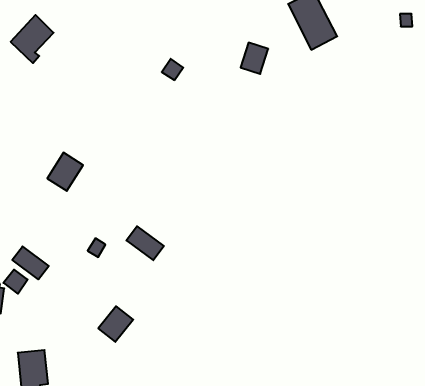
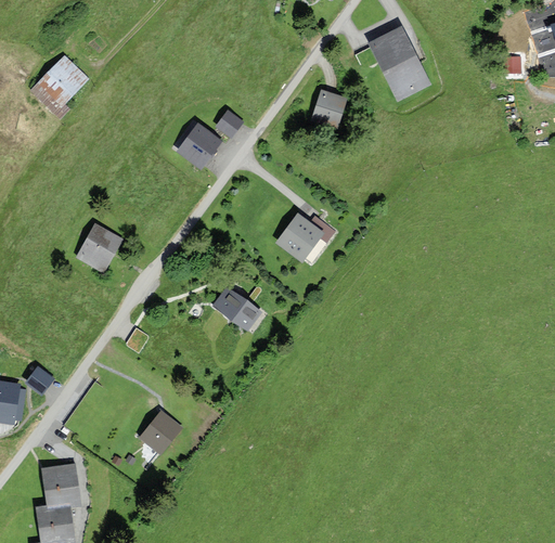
building: none -> [177,124,221,169]
building: none -> [276,215,333,261]
building: [126,226,164,260] -> [214,288,259,329]
building: [12,246,49,279] -> none

